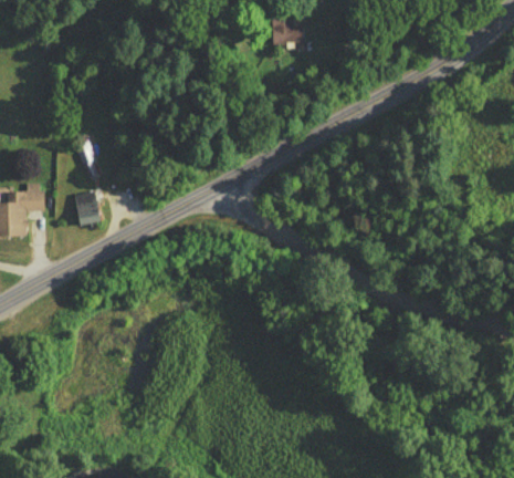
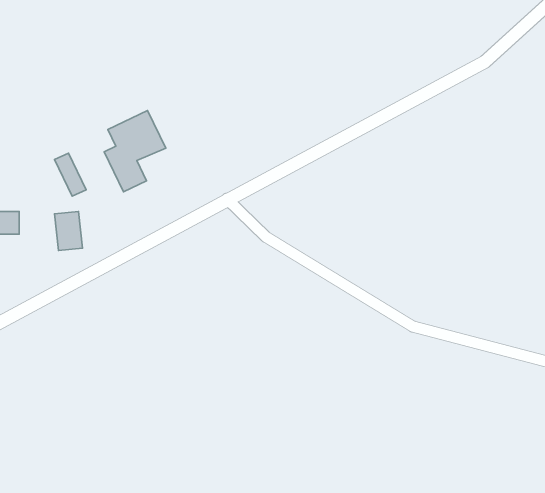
building: [273,12,305,43] -> none
building: none -> [104,110,166,192]

